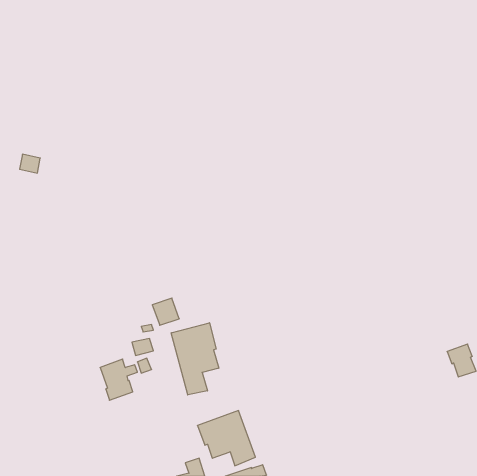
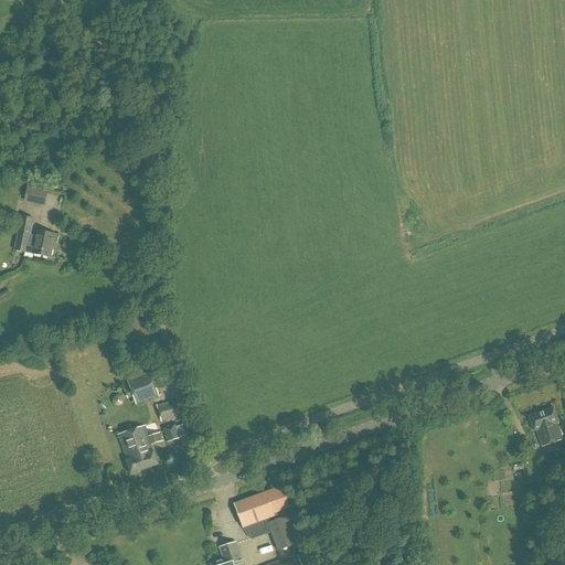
building: none -> [12,215,54,256]
building: [152,298,179,325] -> [126,371,158,403]
building: [171,323,219,395] -> none

